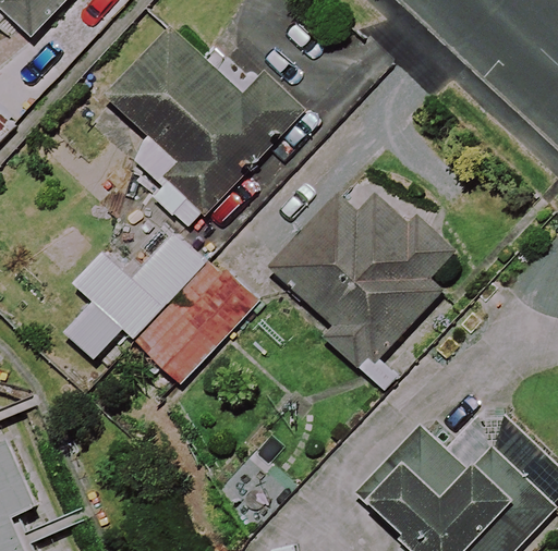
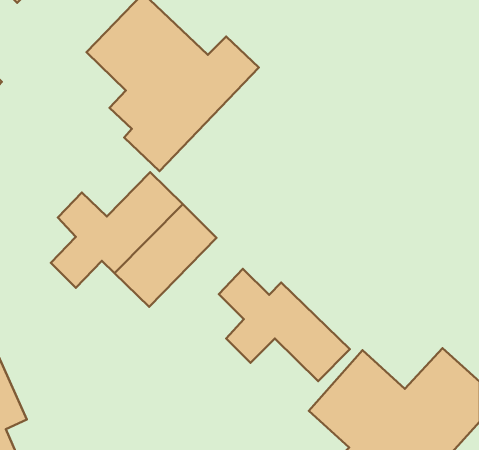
building: [272,192,450,362] -> none
building: none -> [219,269,350,381]

